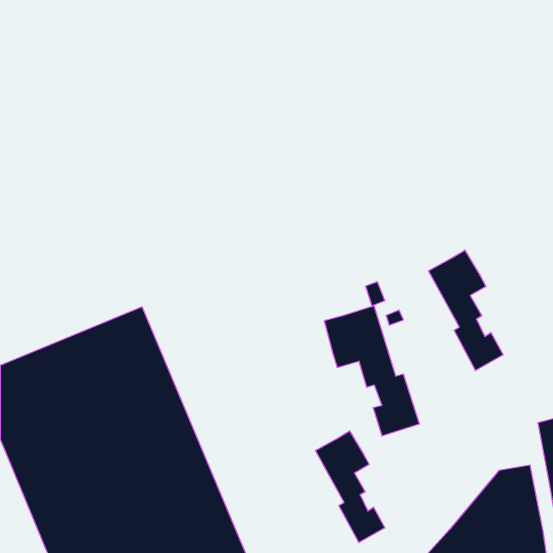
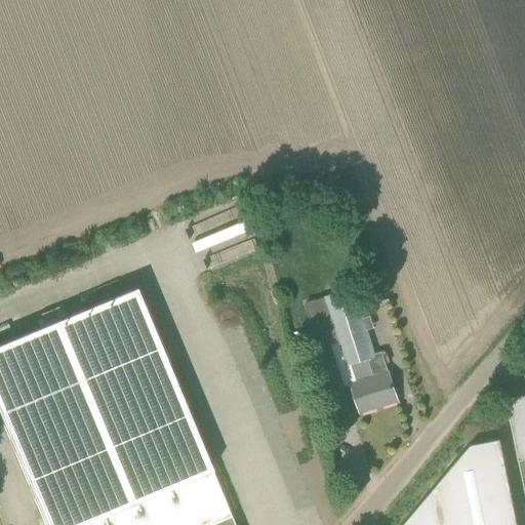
building: [429,250,503,371] -> none
building: [315,431,385,543] -> none

